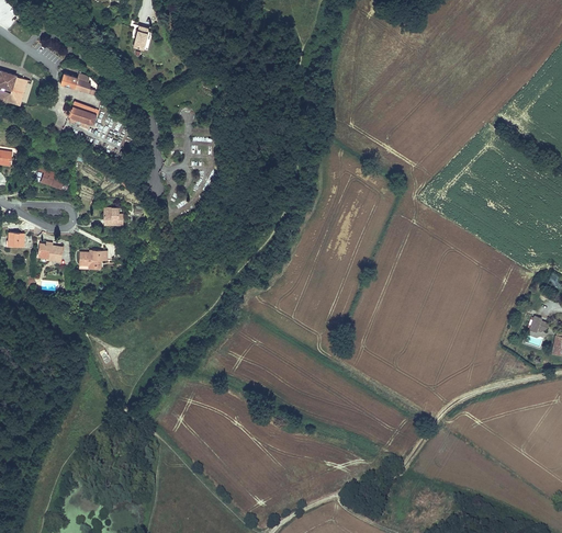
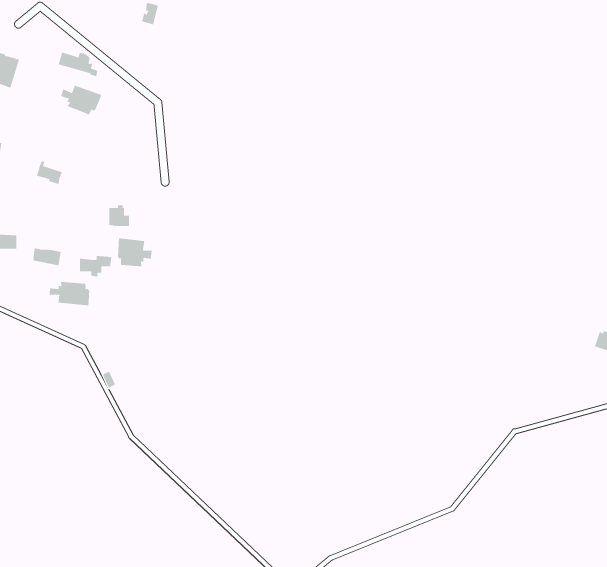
building: none -> [117,238,152,267]
building: none -> [49,281,90,306]

